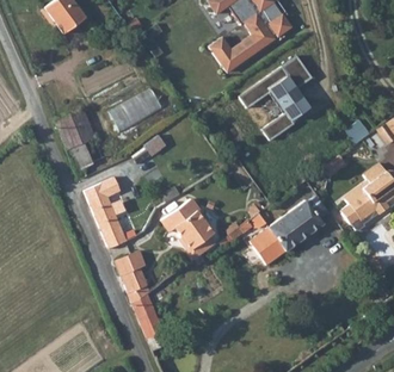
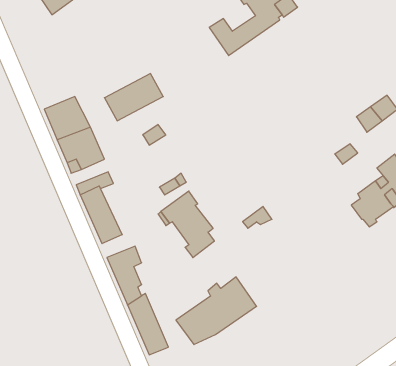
building: [239,55,312,140] -> none
building: [251,199,326,262] -> [176,277,257,345]

